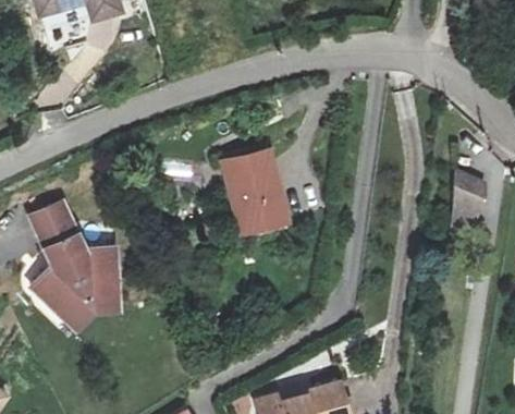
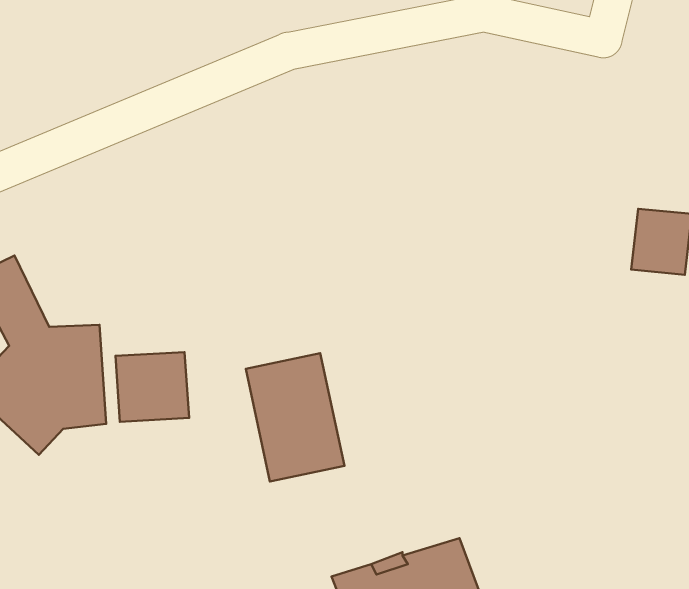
building: [222,153,284,233] -> [246,353,344,481]
building: none -> [115,352,189,422]

